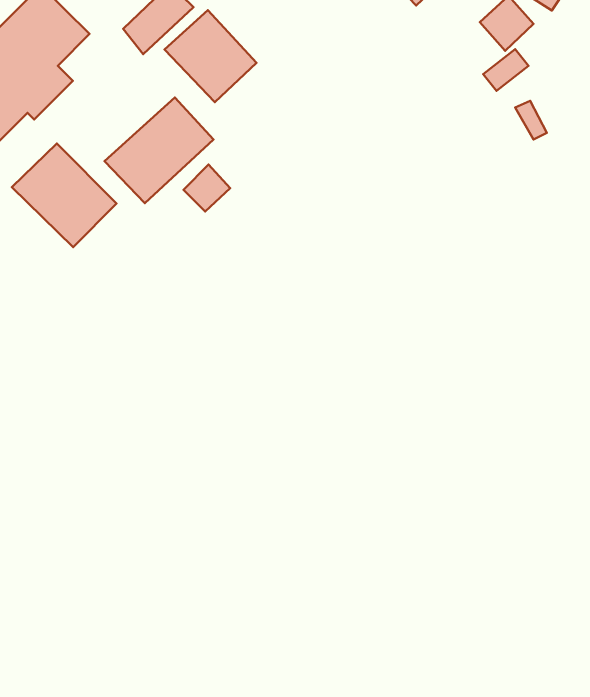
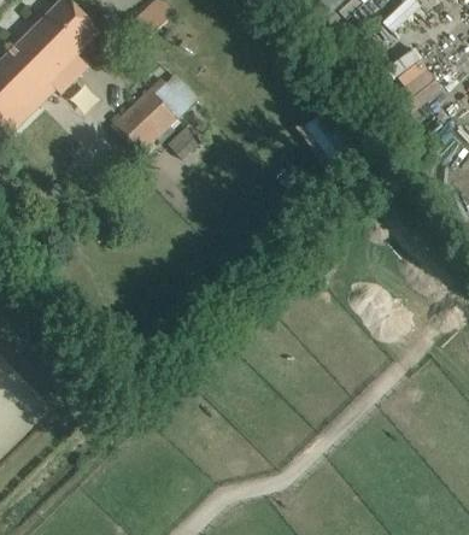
building: [164,10,257,102] -> none
building: [12,144,117,247] -> none

